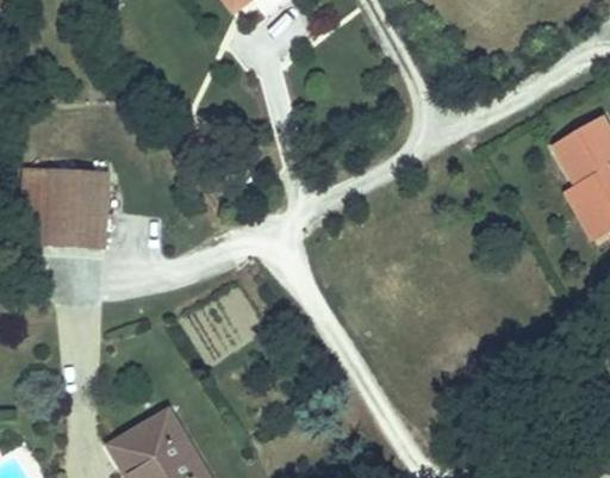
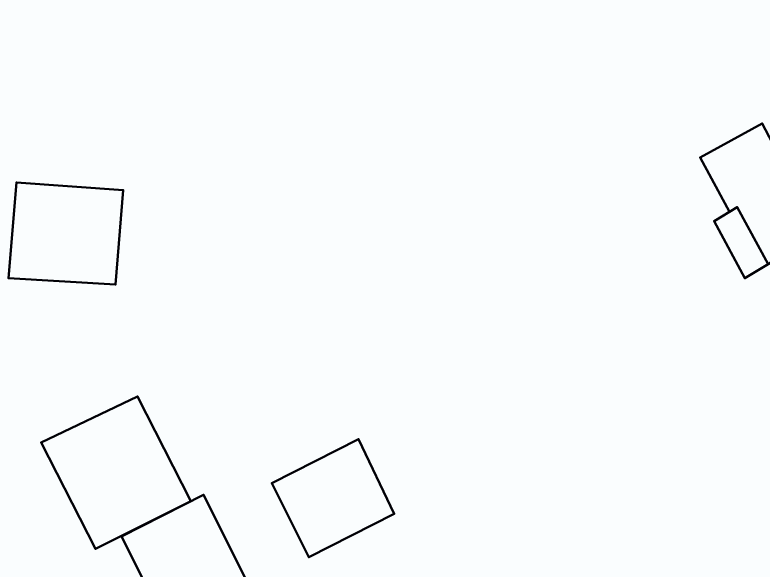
building: none -> [41,397,191,549]
building: none -> [272,439,394,557]

